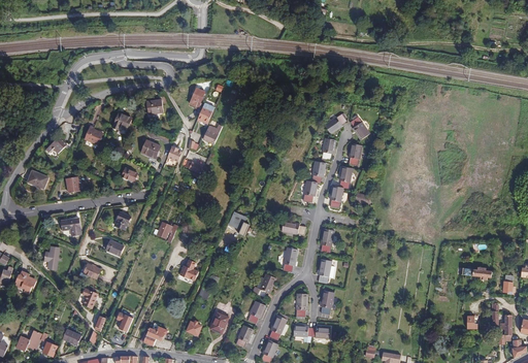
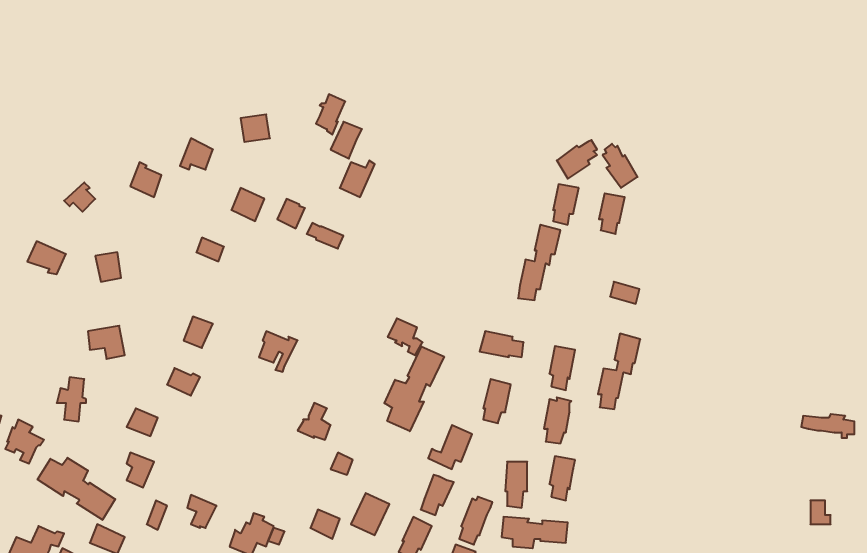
building: [329,165,353,207] -> [598,334,640,409]
building: none -> [384,346,444,431]
building: none -> [38,458,115,520]

